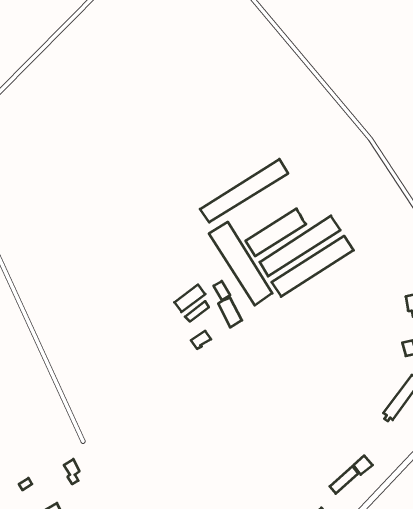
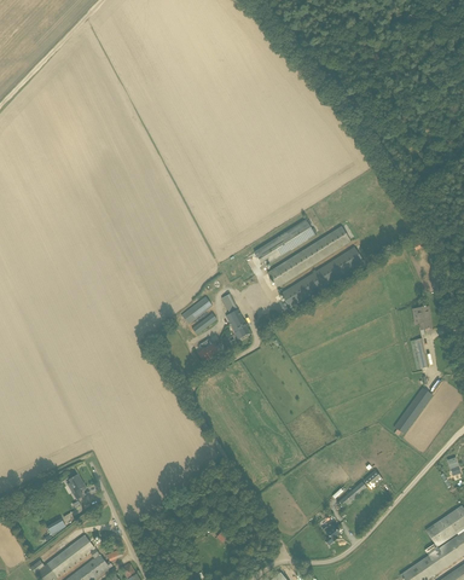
building: [200,159,288,222] -> none
building: [209,222,272,305] -> none

